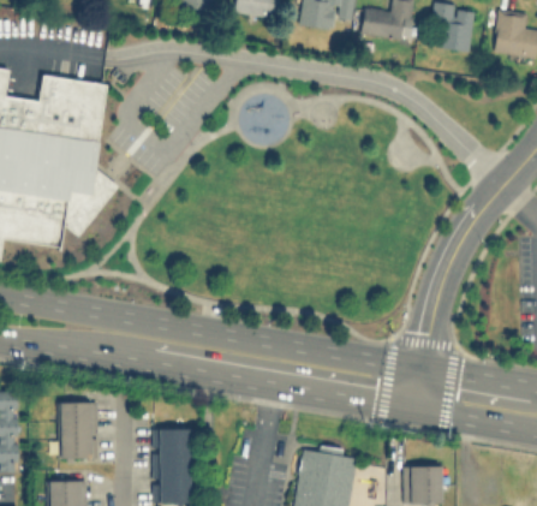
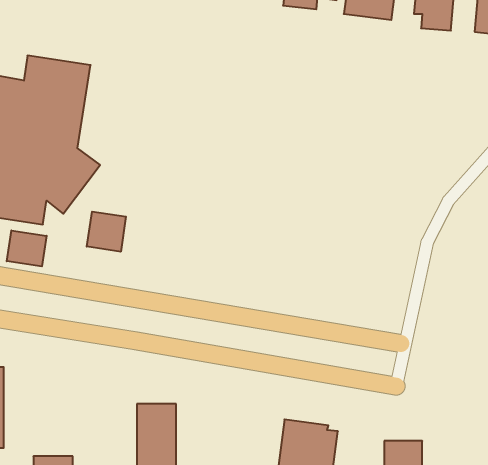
building: none -> [87,212,126,252]
building: none -> [7,230,47,266]
building: [59,401,99,458] -> none

